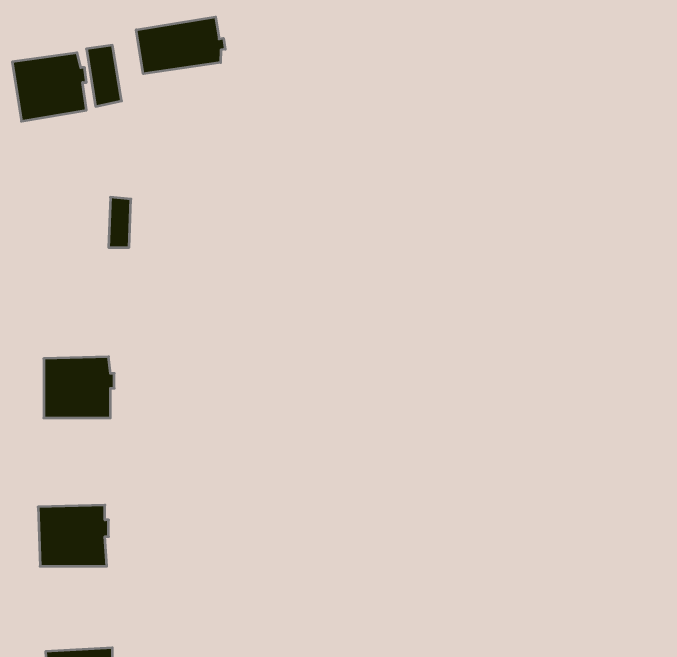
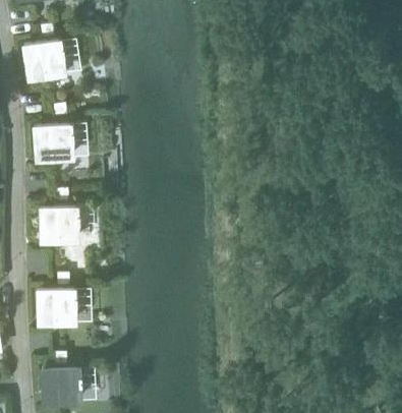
building: [136,17,225,74] -> none
building: none -> [34,126,72,162]

